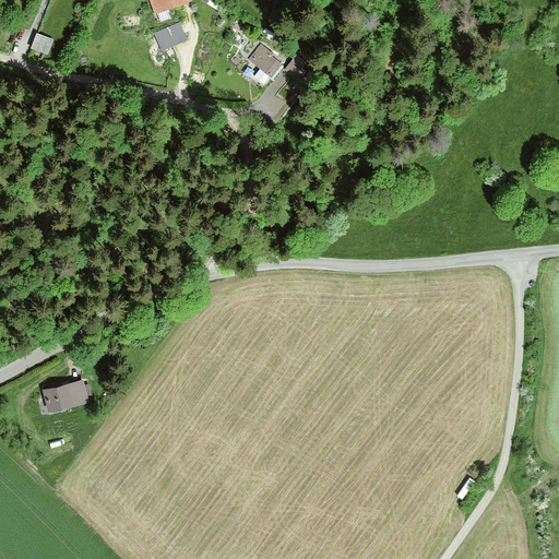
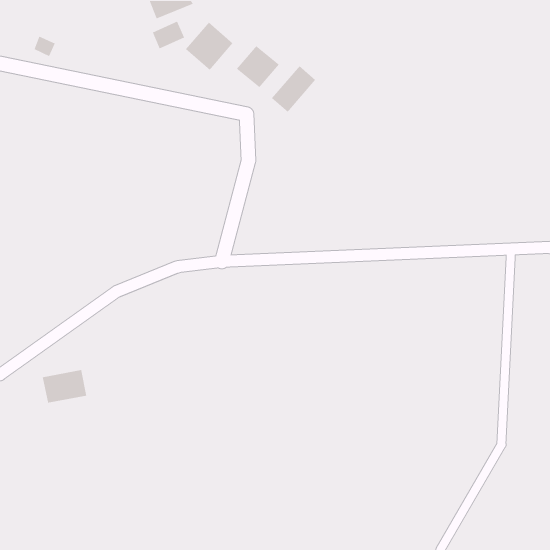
building: none -> [185,21,234,71]
building: none -> [271,65,316,113]

